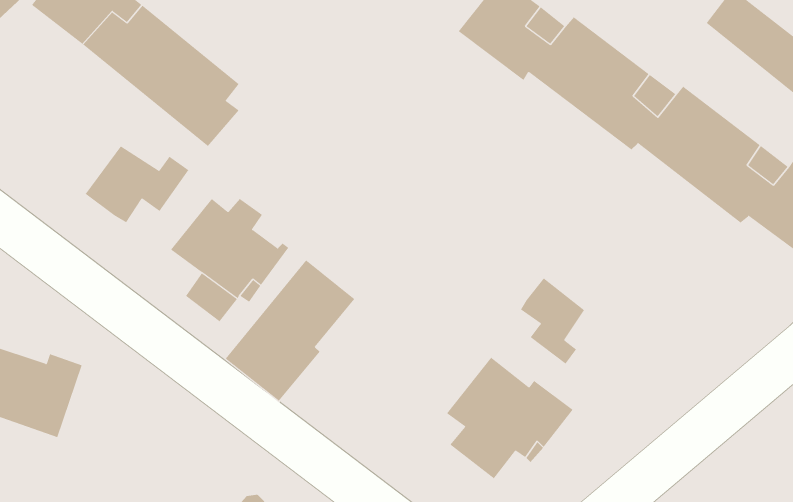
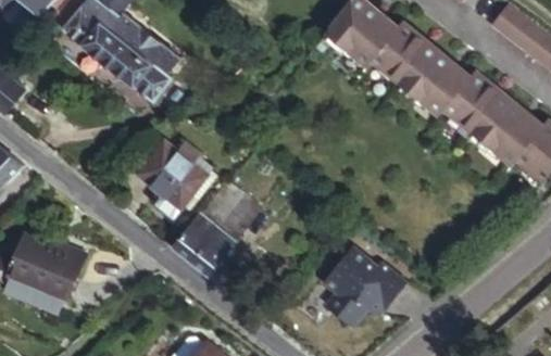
building: [85,146,189,223] -> none
building: [520,277,585,364] -> none

